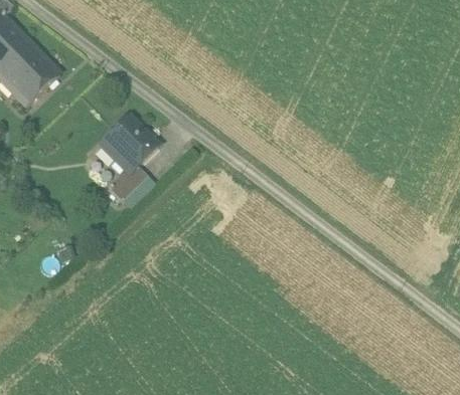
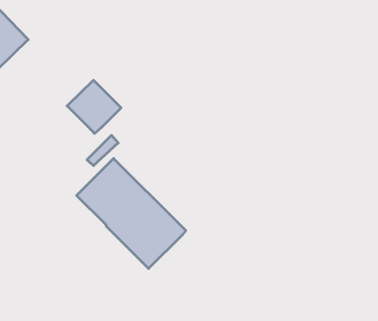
building: [107,165,147,200] -> none
building: none -> [77,158,186,269]

